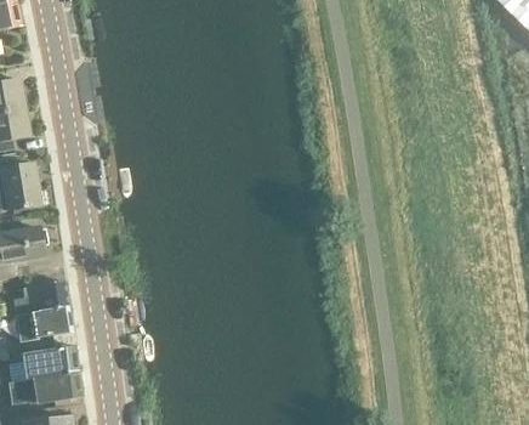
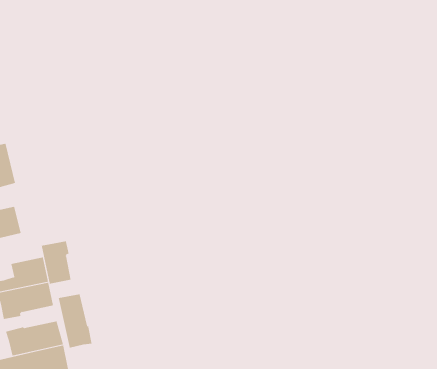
building: none -> [41,241,71,285]
building: none -> [58,293,92,348]

